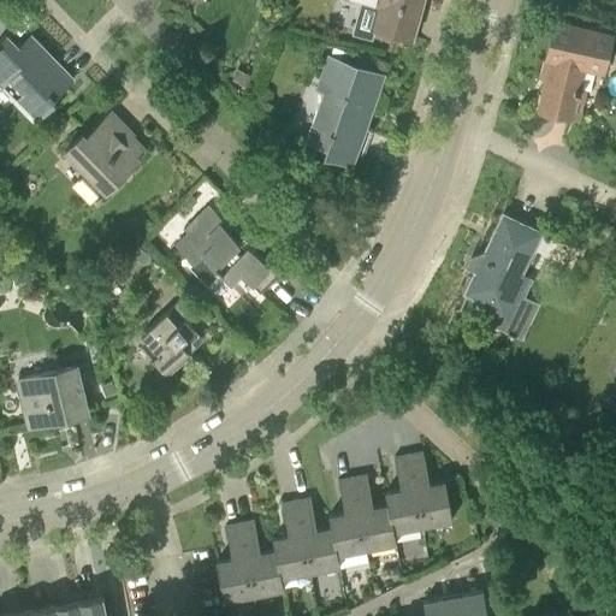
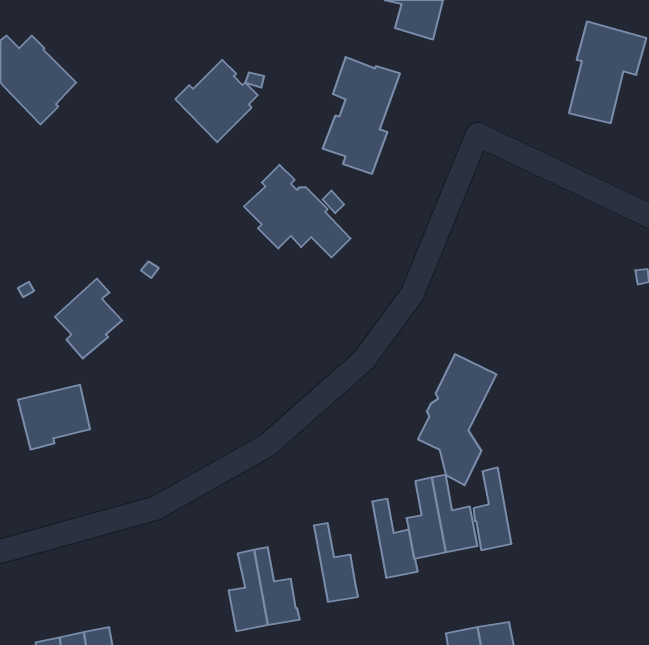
building: [65,117,143,195] -> [175,60,258,142]
building: [176,208,277,296] -> [244,165,351,257]
building: [467,215,541,339] -> [418,354,497,485]
building: [141,302,205,378] -> [55,279,122,359]
building: [330,479,366,557] -> [474,468,512,550]
building: [273,502,310,580] -> none

